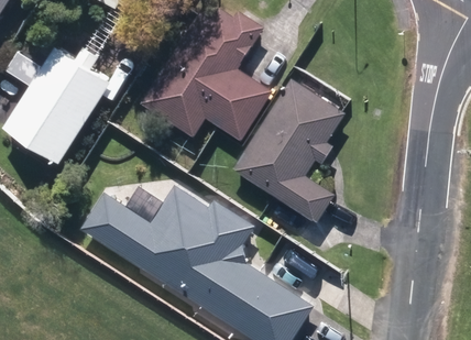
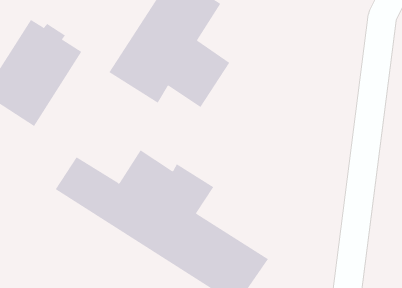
building: [232,79,343,222] -> none

